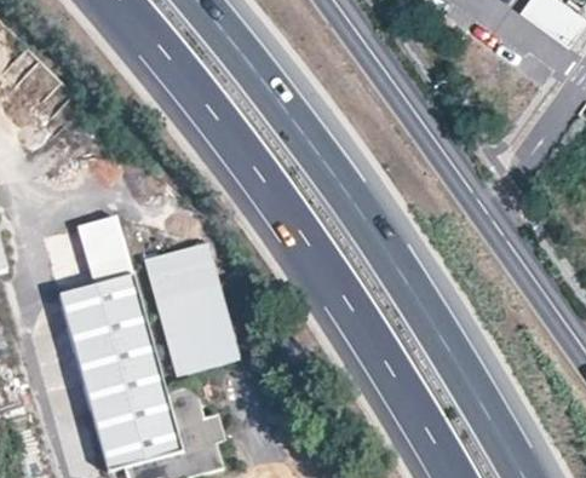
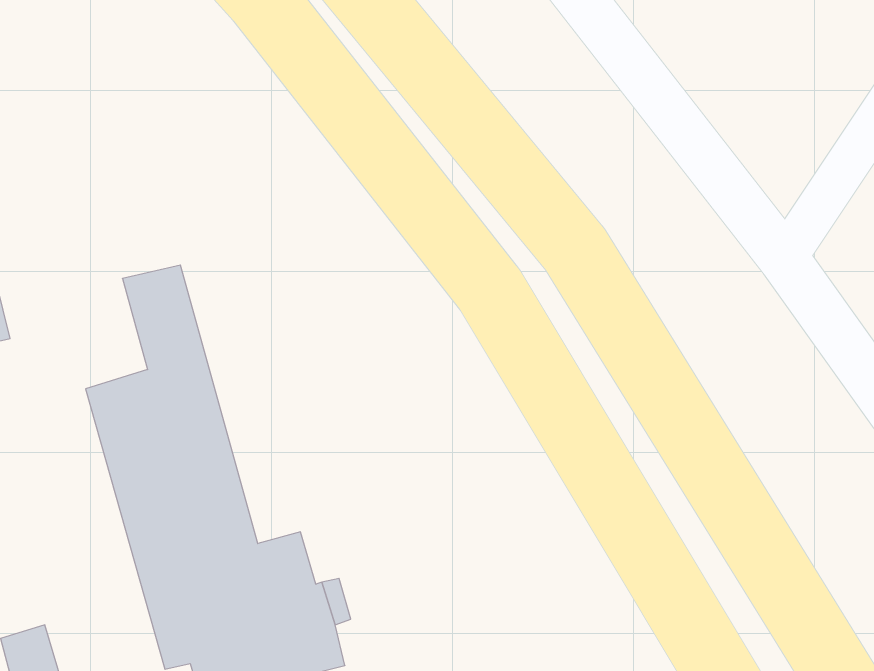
building: [144,240,240,375] -> none

